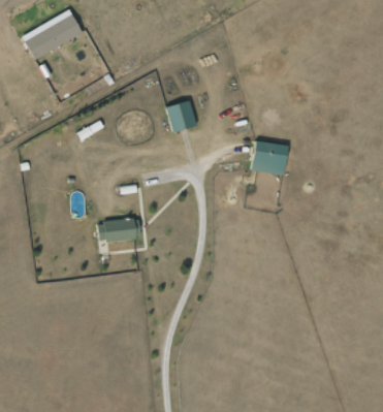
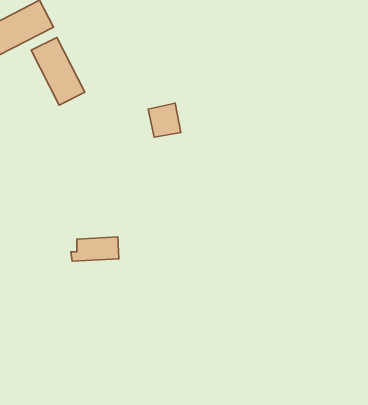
building: none -> [31,37,85,105]
building: [252,142,287,176] -> none

